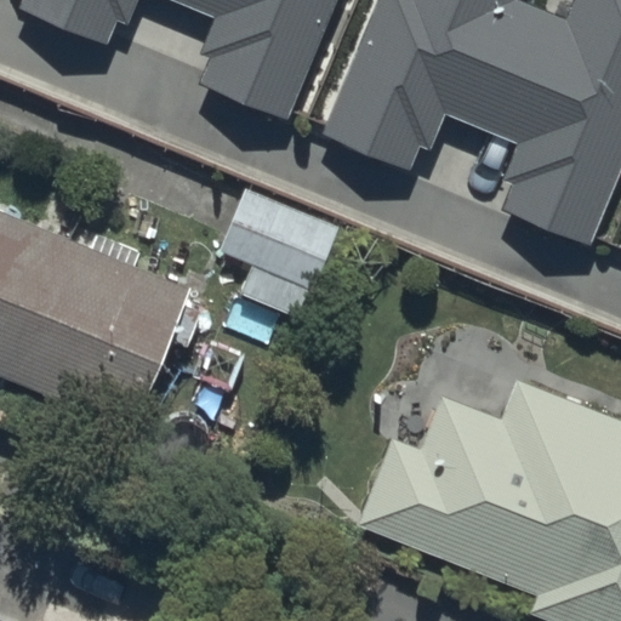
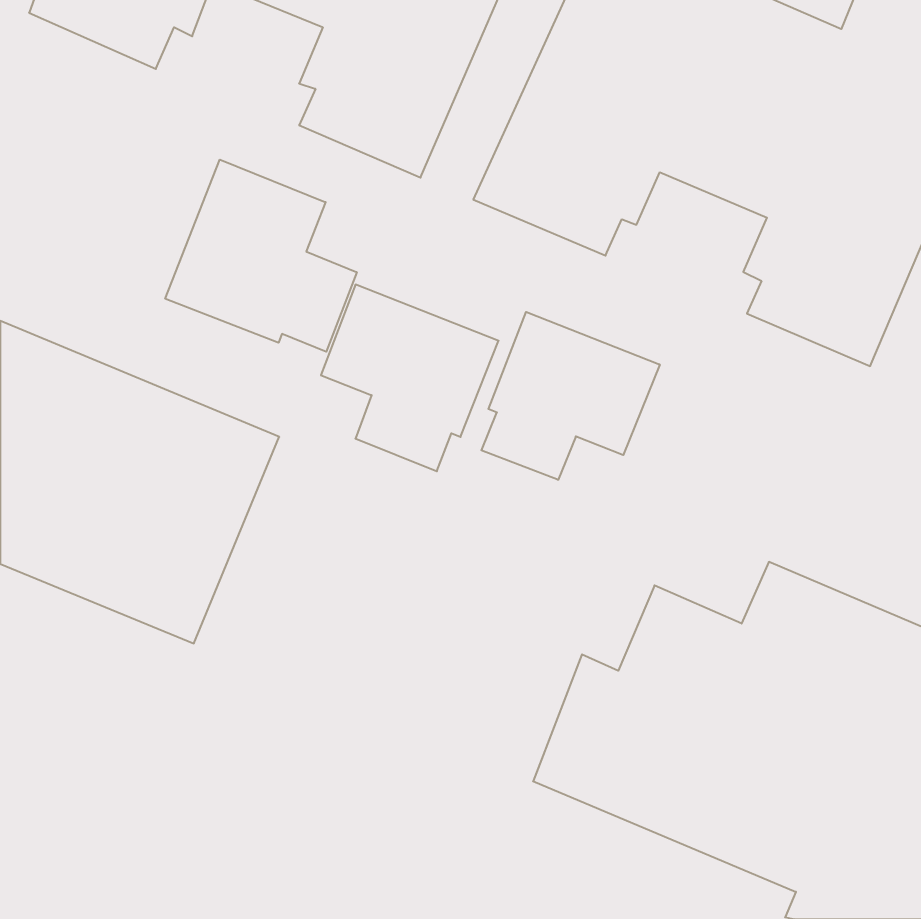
building: none -> [165,160,357,352]
building: none -> [481,312,660,480]

